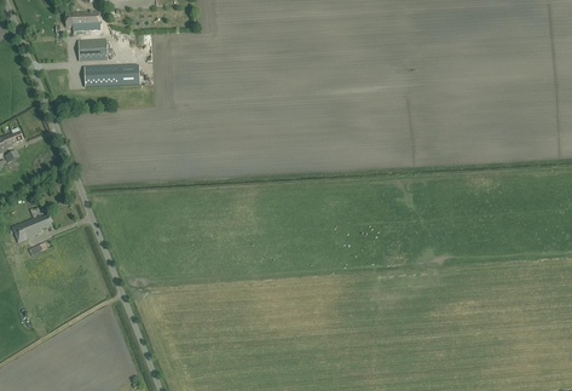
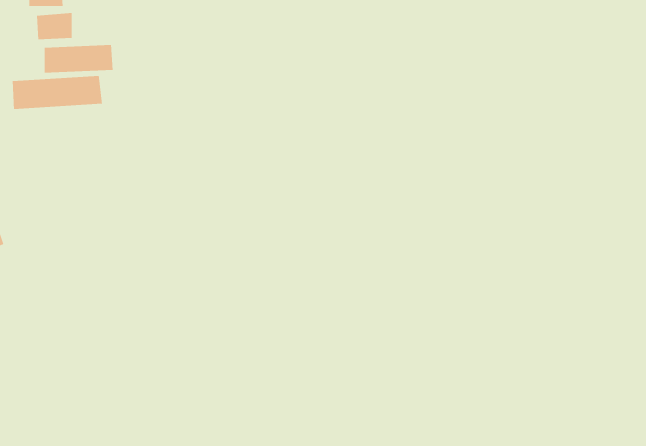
building: none -> [12,75,102,110]

